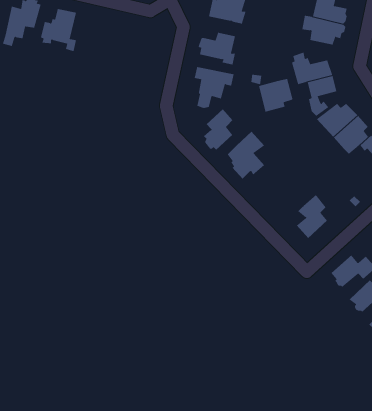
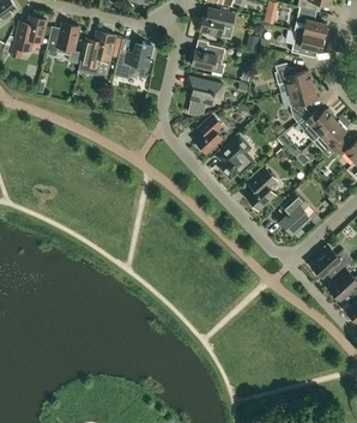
building: none -> [79,31,116,74]
building: none -> [115,43,153,78]
building: [258,78,294,112] -> none
building: none -> [247,168,277,210]

